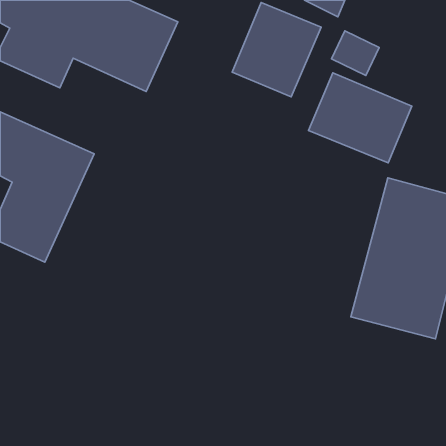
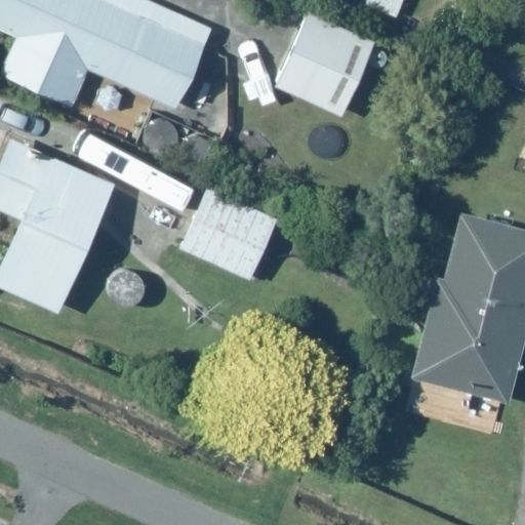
building: [308,73,412,163] -> none
building: none -> [180,183,283,281]

